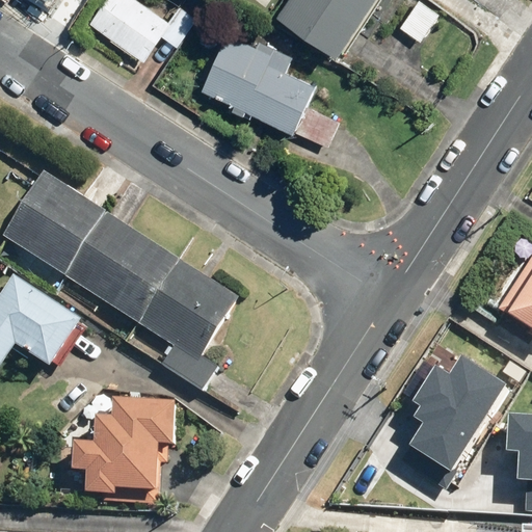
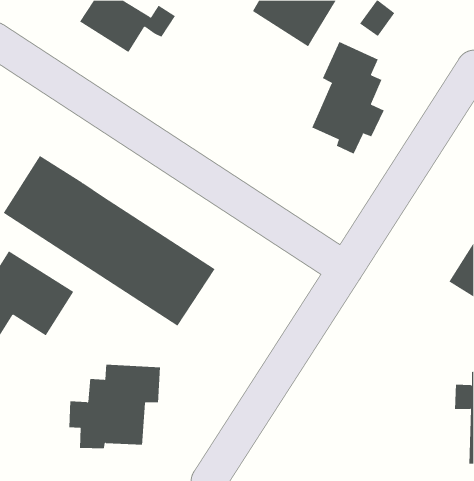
building: [200,26,315,133] -> none
building: none -> [312,41,384,155]
building: [392,347,516,493] -> none

